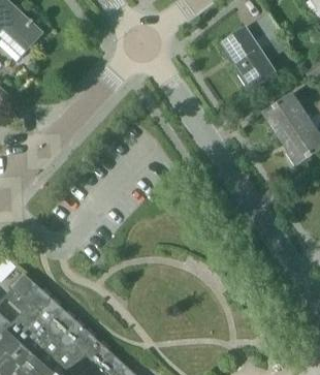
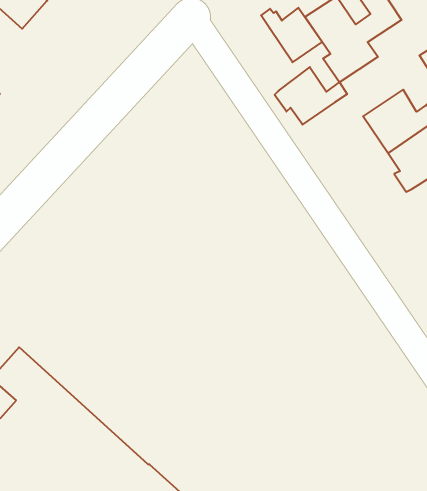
building: none -> [261,8,322,62]
building: none -> [275,67,347,125]

